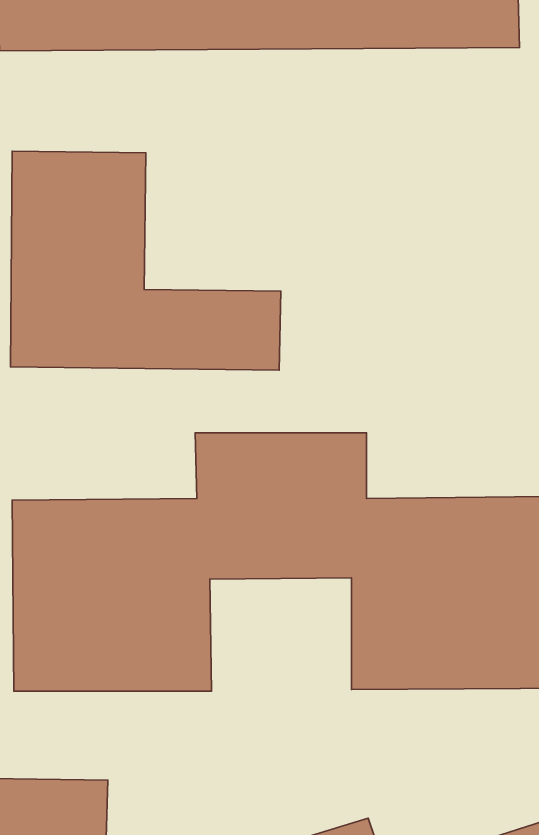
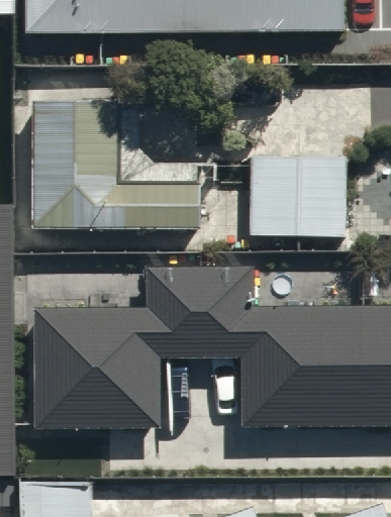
building: none -> [251,139,349,235]

